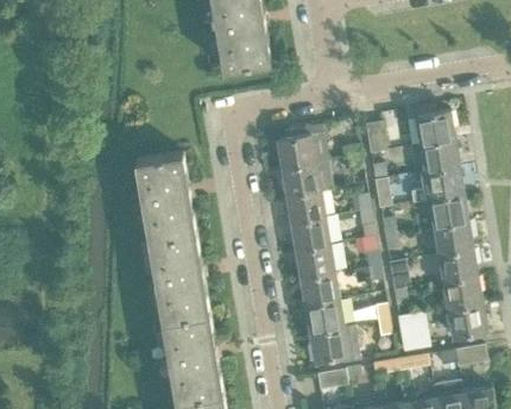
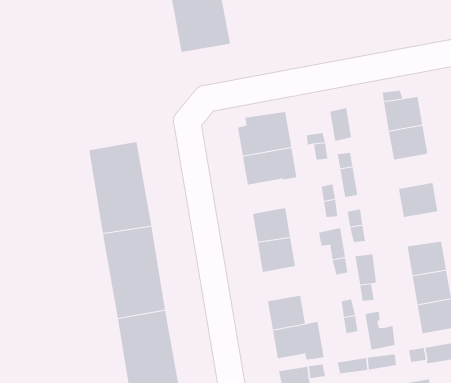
building: [409,165,462,201] -> none
building: [285,189,322,222] -> none
building: [434,220,471,253] -> none
building: [299,272,336,306] -> none

